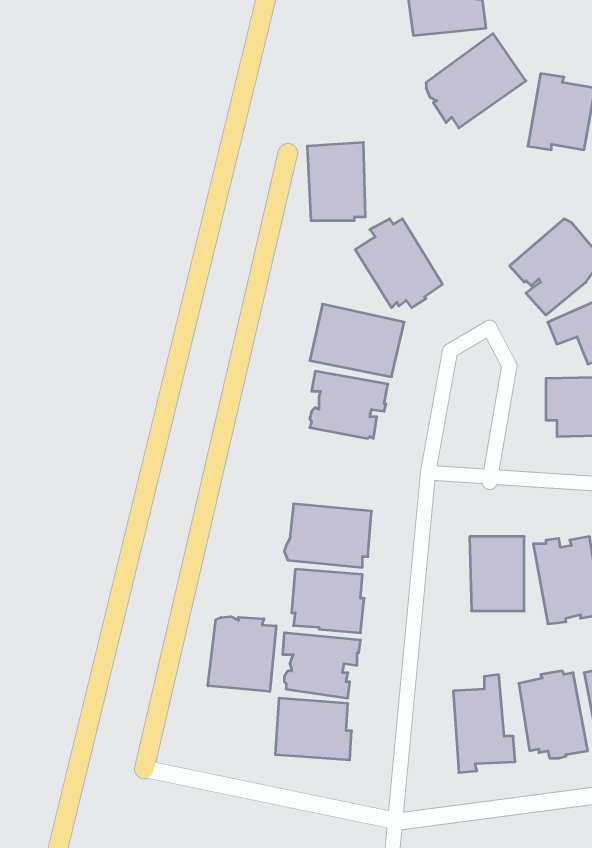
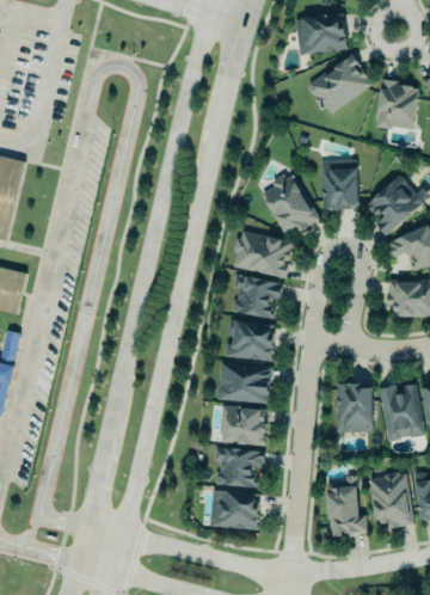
building: [307,142,365,221] -> [320,159,358,210]
building: none -> [225,320,276,362]
building: [208,617,276,692] -> none

